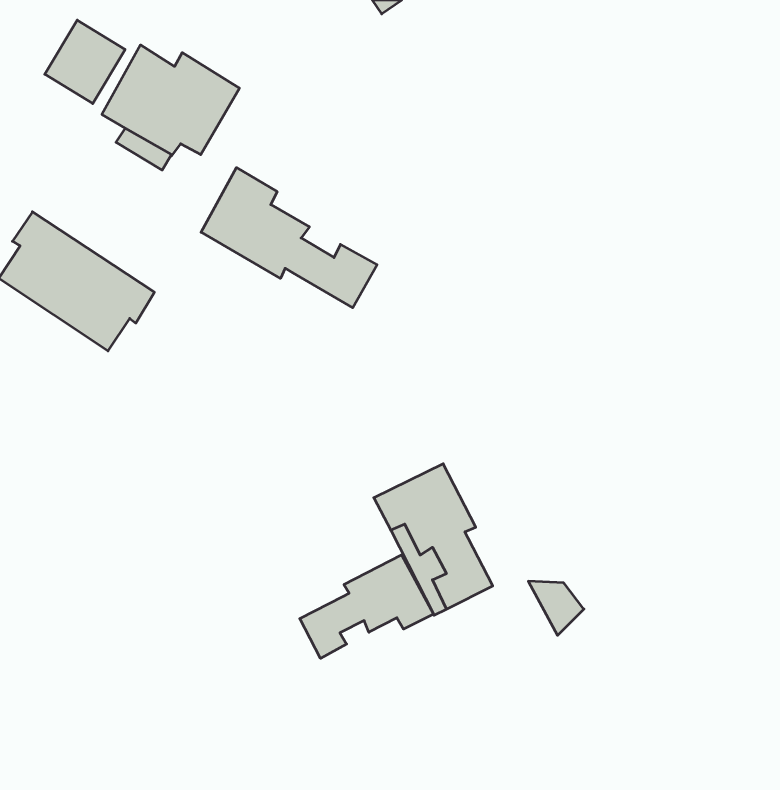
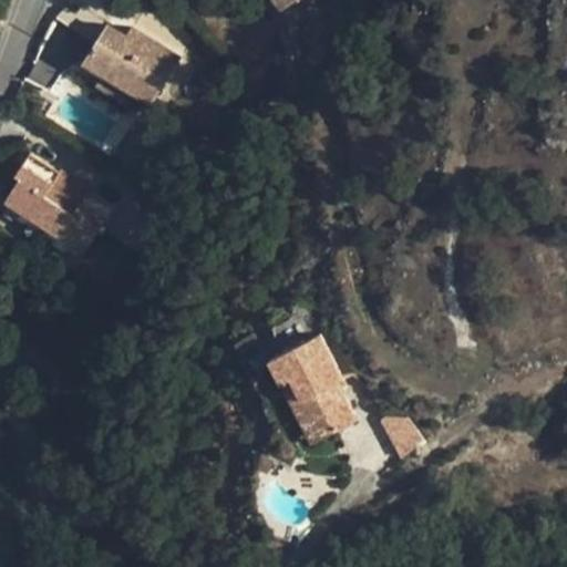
building: [201,168,377,308] -> none
building: [300,555,433,658] -> none

